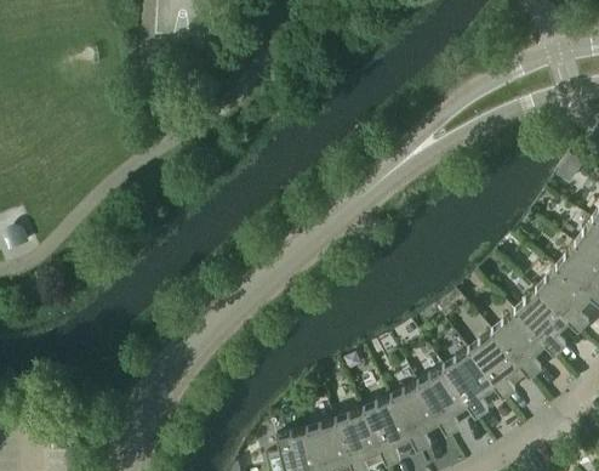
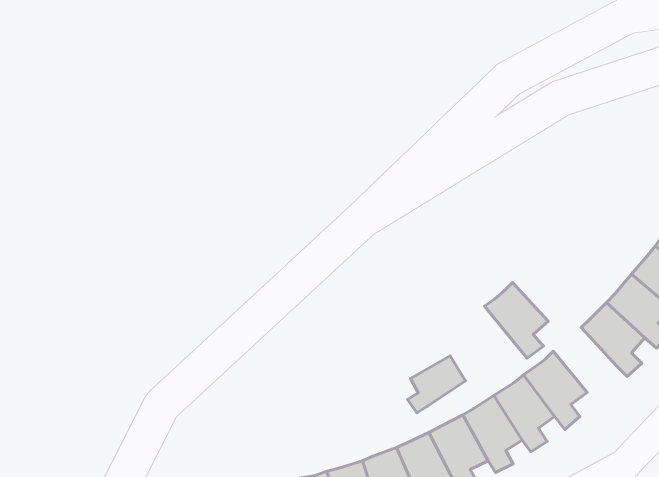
building: [494,313,546,375] -> [484,283,548,358]
building: none -> [407,356,465,413]

